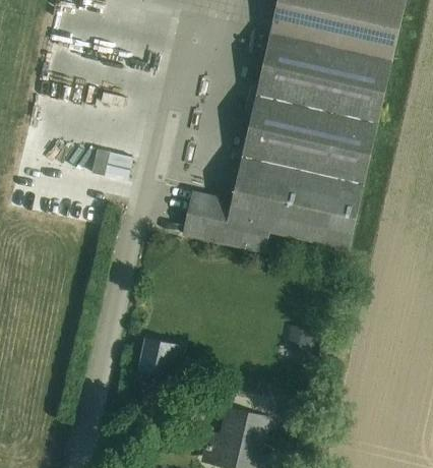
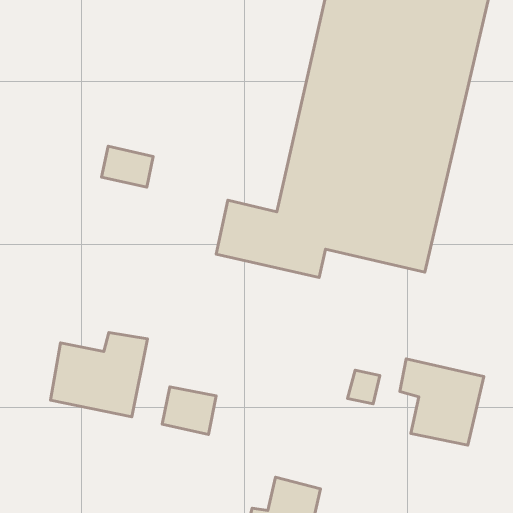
building: none -> [51,332,147,417]
building: none -> [400,359,484,445]

